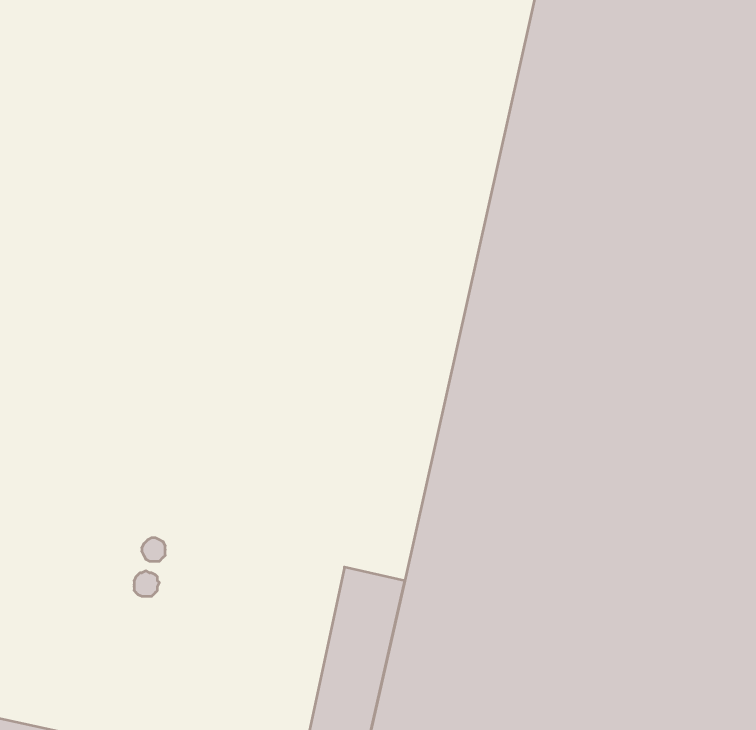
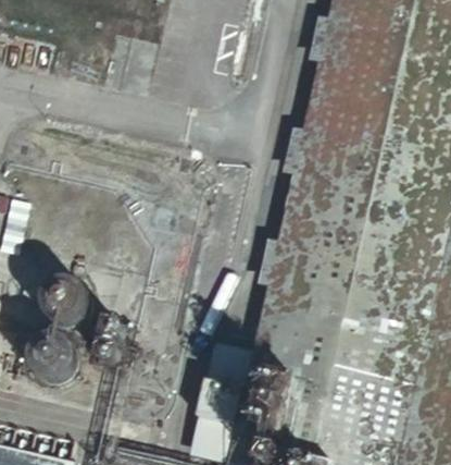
building: none -> [43,286,90,333]
building: none -> [29,343,76,390]

